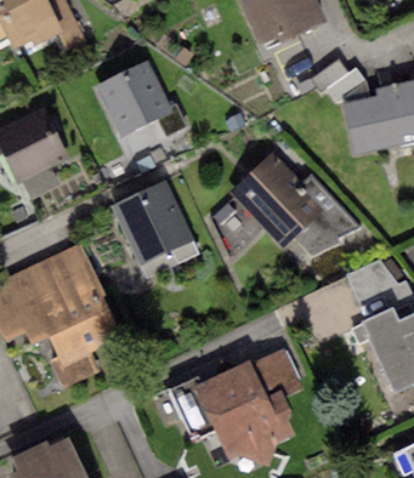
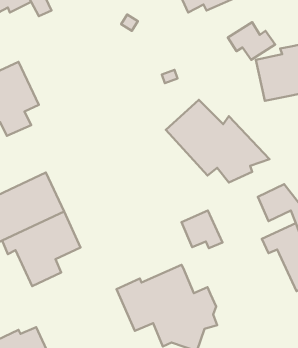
building: [98,62,172,135] -> none
building: [112,181,200,278] -> none
building: [253,348,304,396] -> [182,210,222,248]

